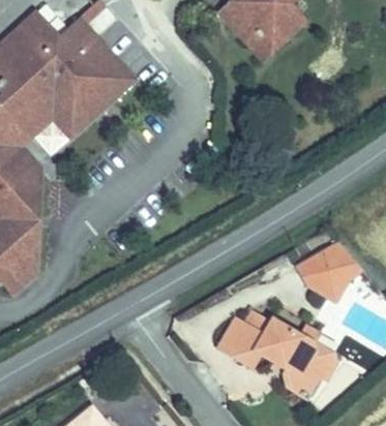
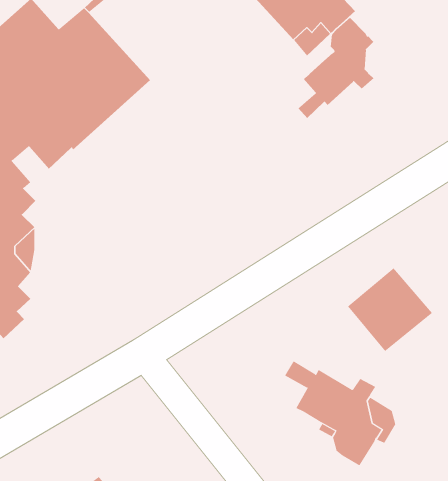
building: none -> [298,17,374,119]
building: [218,317,263,366] -> none

